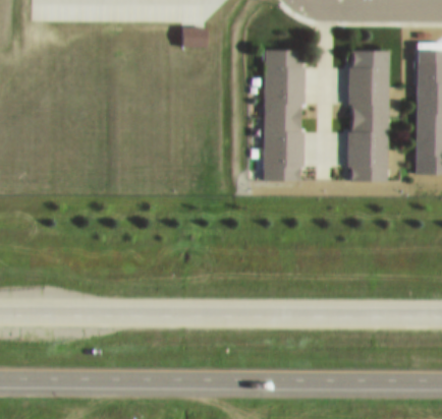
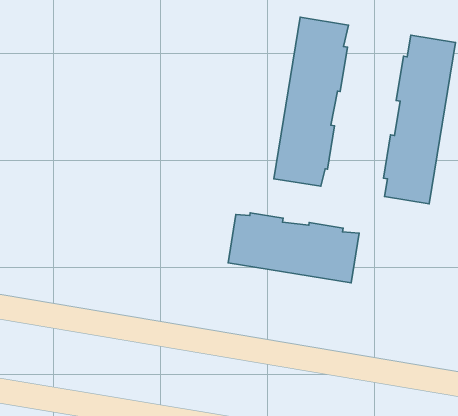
building: none -> [228,213,359,283]

